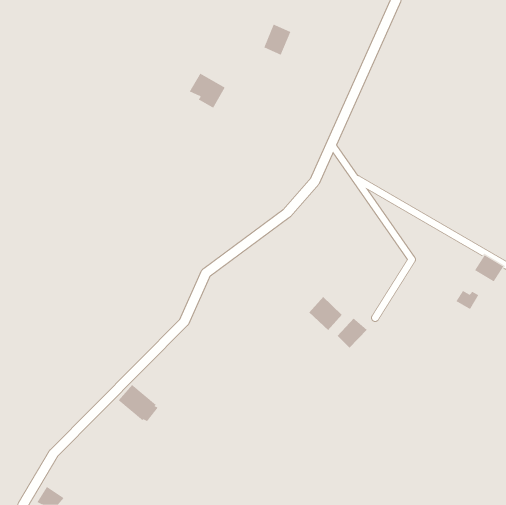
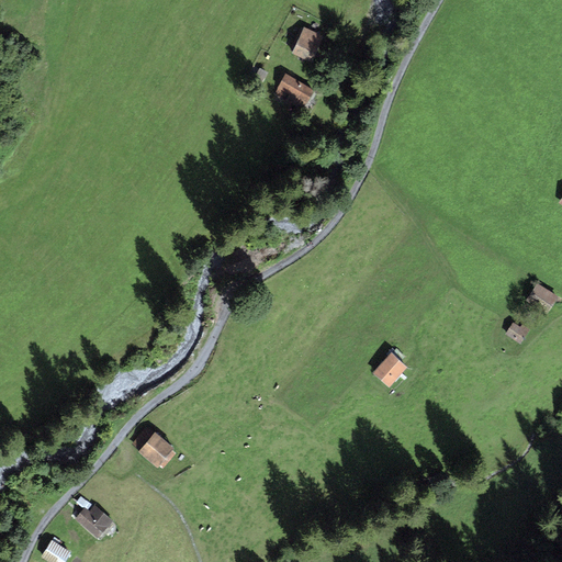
building: [189,73,225,108] -> [273,74,314,113]
building: [308,296,343,331] -> none
building: none -> [75,505,113,538]

